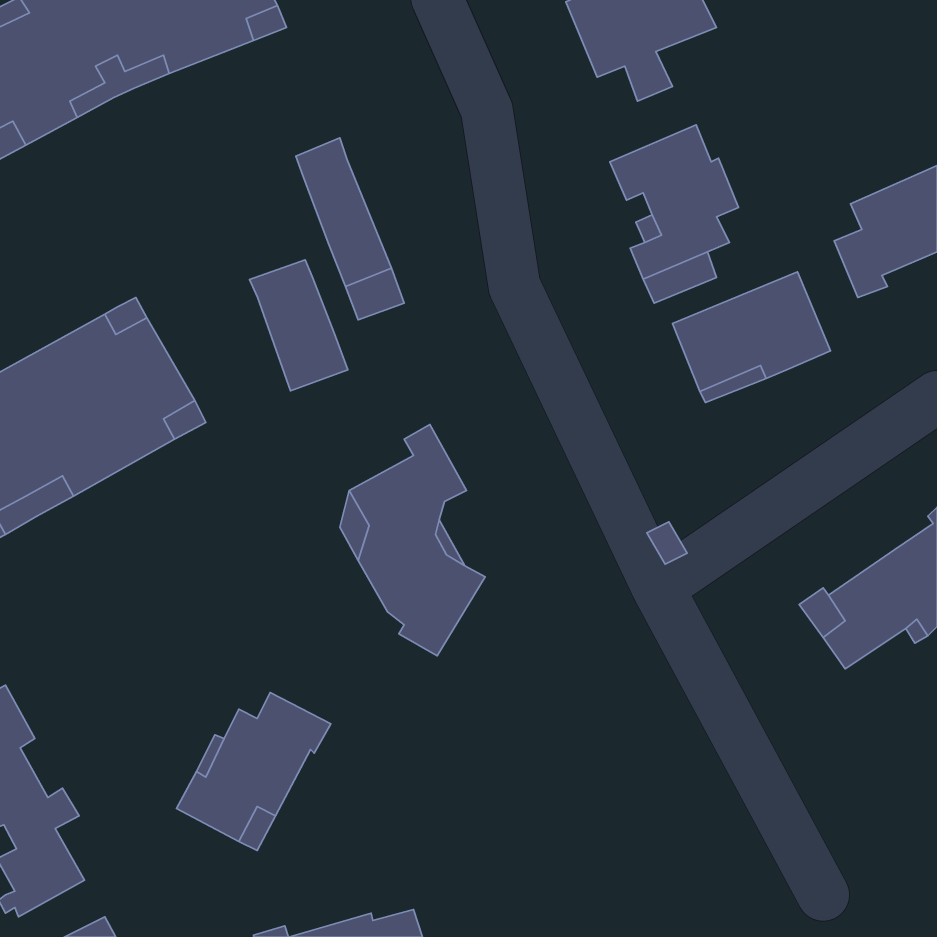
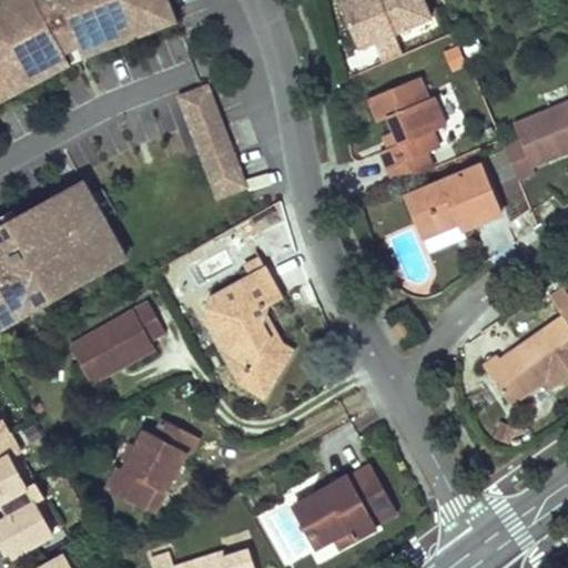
building: [249,260,348,391] -> none
building: none -> [71,301,165,383]
building: none -> [294,466,393,547]

